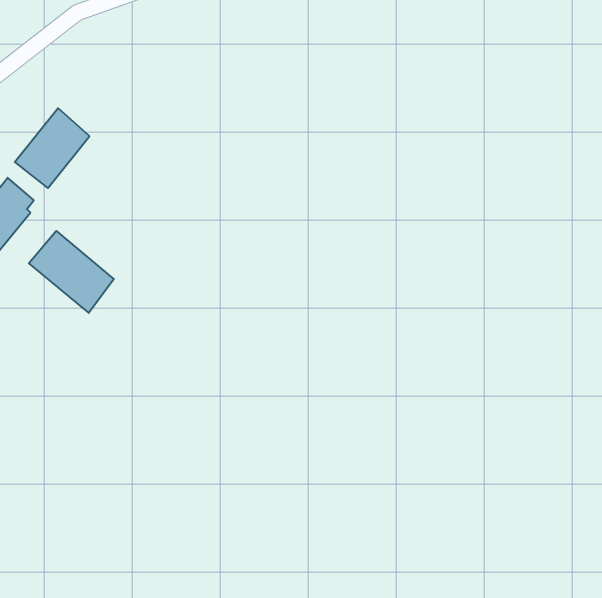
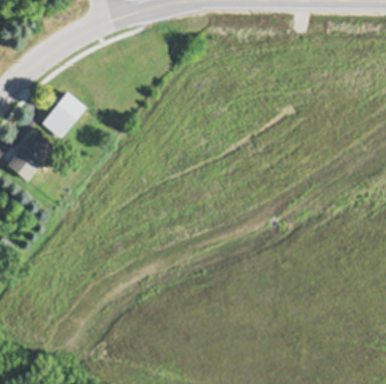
building: [29,231,114,313] -> none

